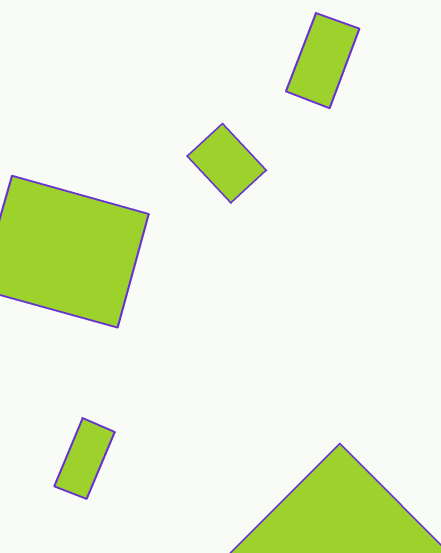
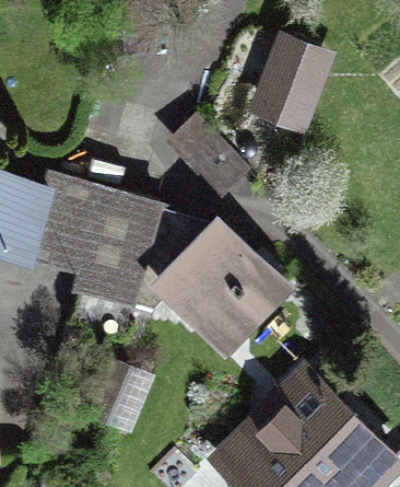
building: none -> [145,210,289,352]

